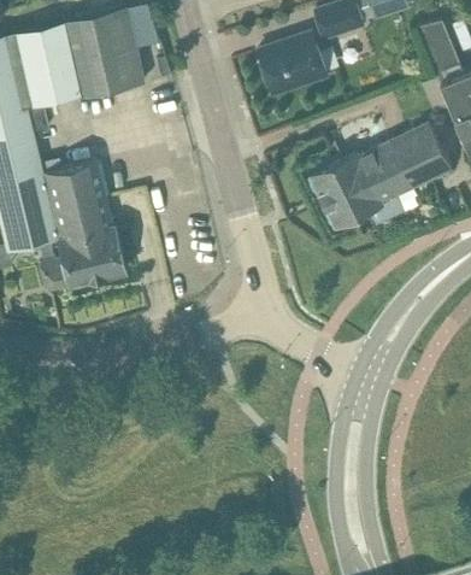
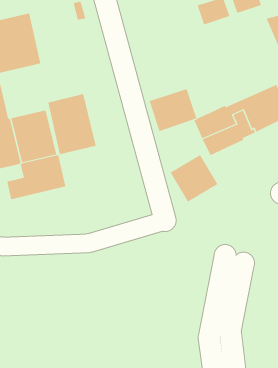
building: [72,8,143,98] -> [47,93,96,155]
building: [257,33,326,95] -> [149,88,197,132]
building: none -> [170,154,218,203]

